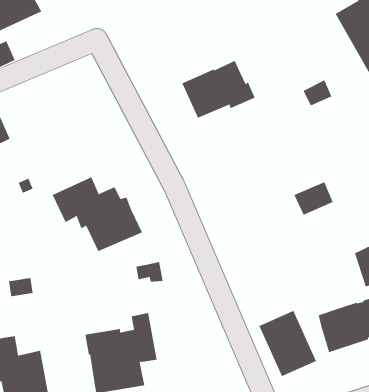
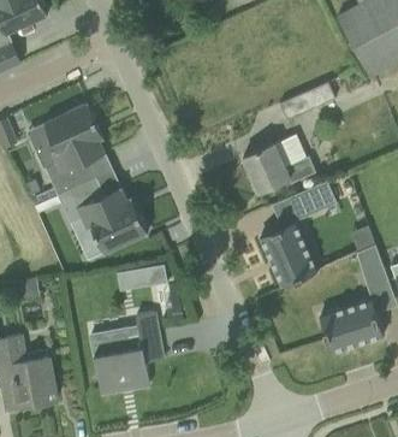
building: [182,60,256,118] -> [242,135,315,193]
building: none -> [43,104,103,196]
building: [258,310,317,377] -> [260,223,317,289]

